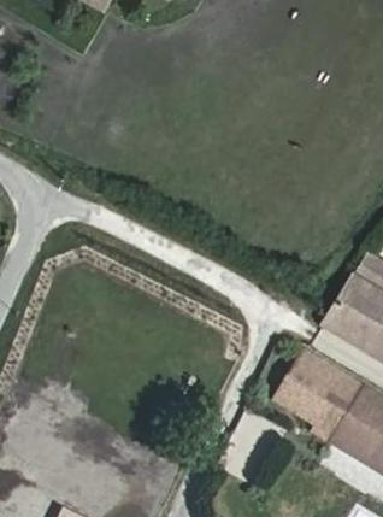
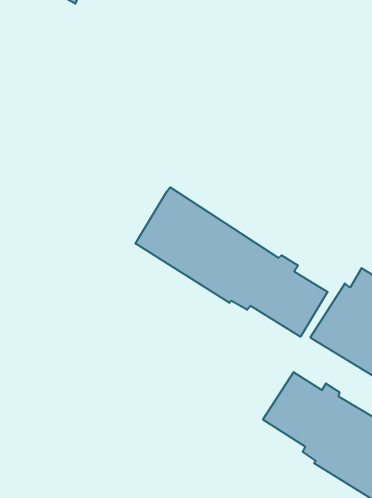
building: none -> [135,187,328,337]

